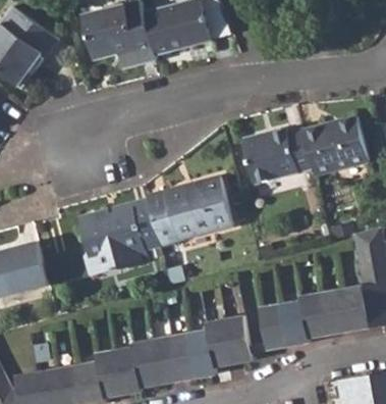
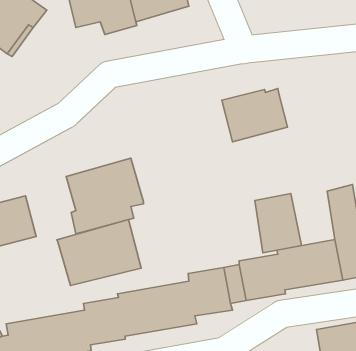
building: [301,116,369,174] -> none
building: [145,176,233,246] -> [57,220,141,285]
building: none -> [255,193,302,253]

